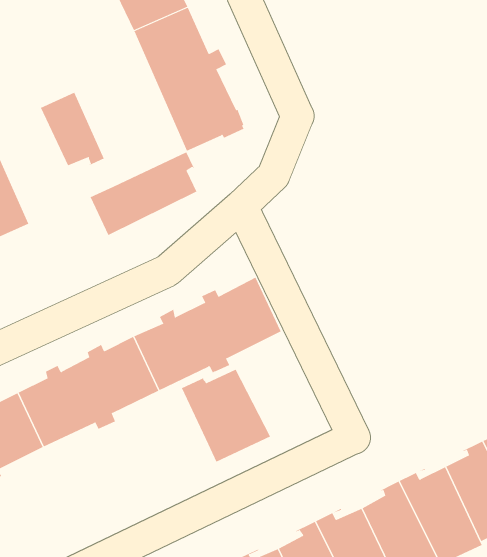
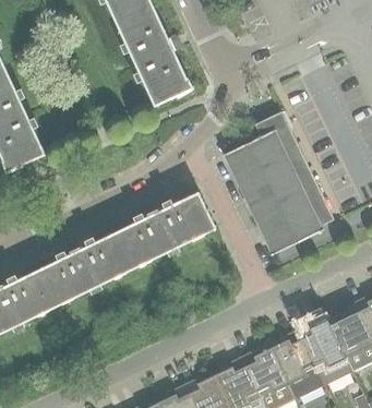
building: [40,92,105,168] -> none
building: [90,151,198,236] -> none
building: none -> [223,111,333,255]
building: [181,369,271,463] -> none

